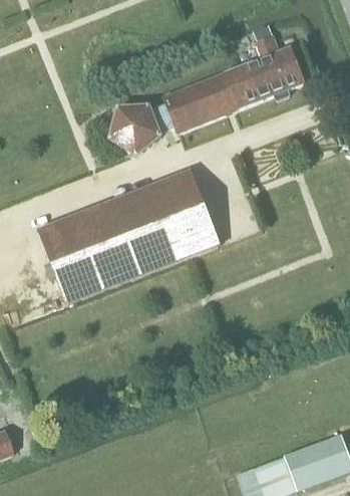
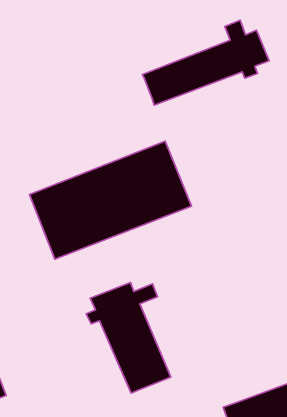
building: [109,101,176,156] -> none
building: none -> [86,282,171,393]

